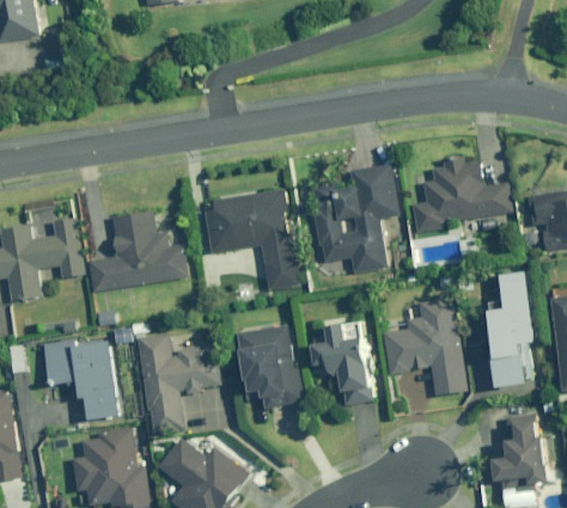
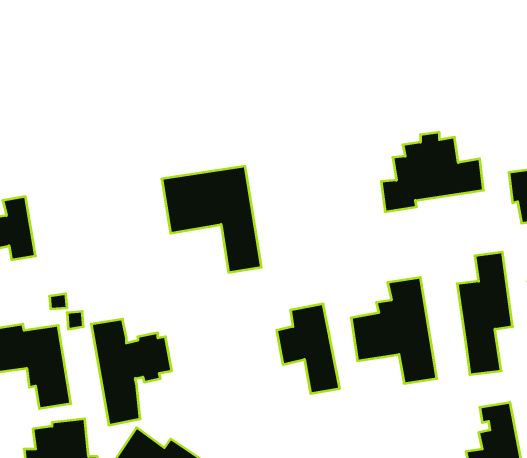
building: [312,165,398,273] -> none
building: [90,212,187,292] -> none
building: [238,325,303,409] -> none

